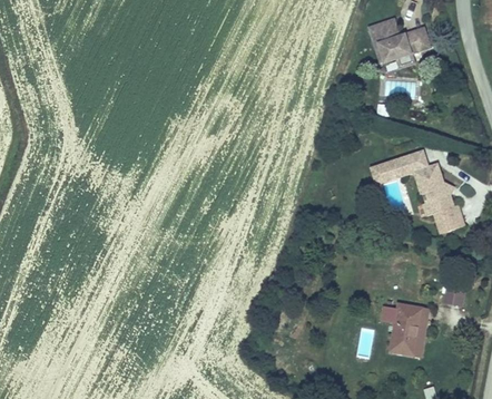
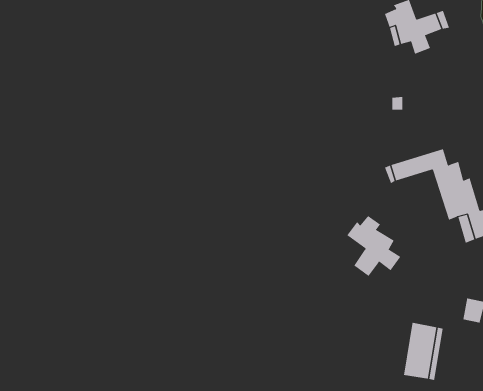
building: none -> [347,215,401,277]

